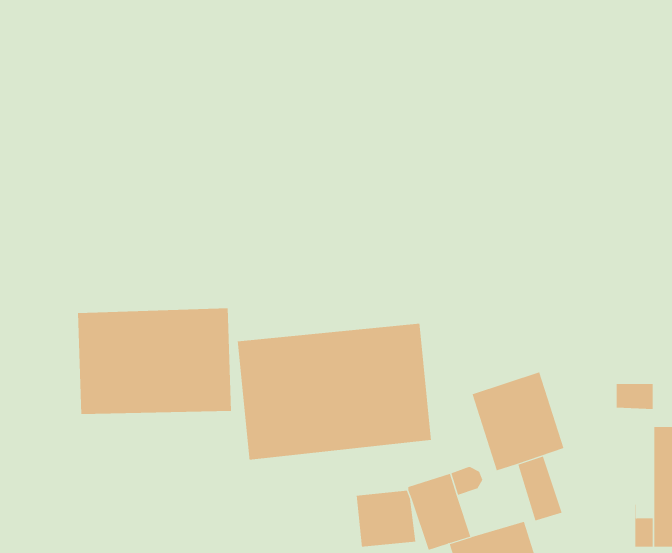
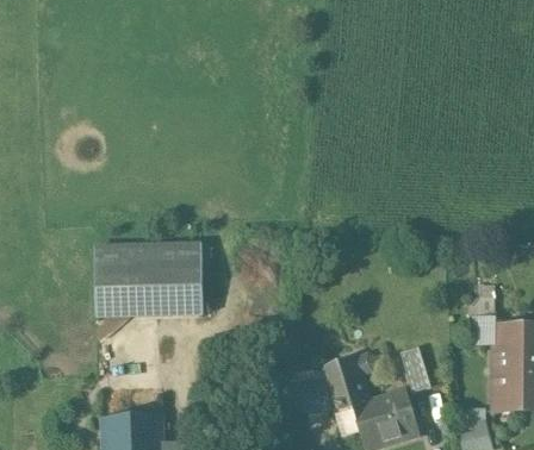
building: [237,323,432,461] -> none
building: [472,371,564,471] -> none

